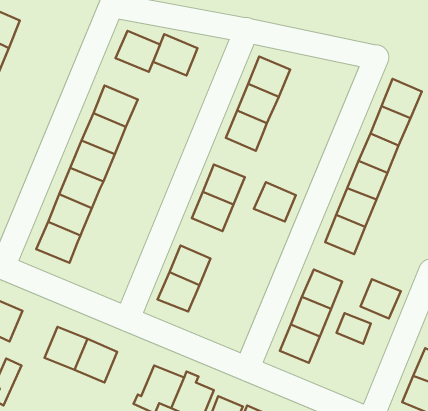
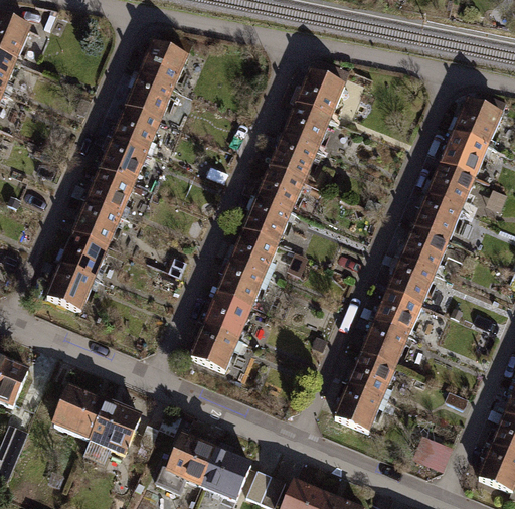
building: [153,34,198,75] -> [126,72,178,121]
building: [254,182,296,222] -> [254,166,304,212]
building: none -> [215,261,265,308]
building: [361,279,401,318] -> [372,289,419,335]
building: [337,313,371,344] -> [409,434,450,470]

